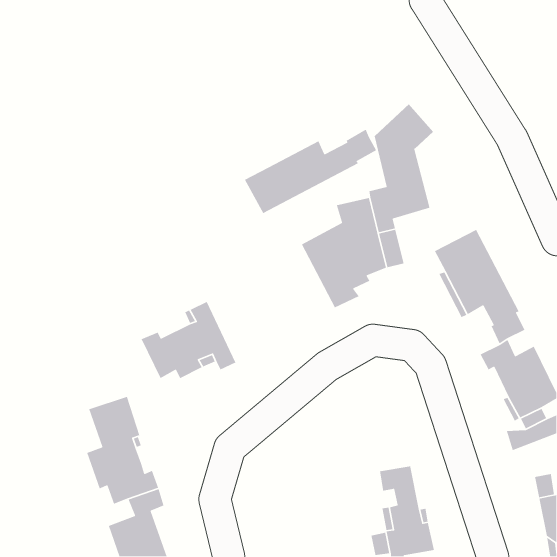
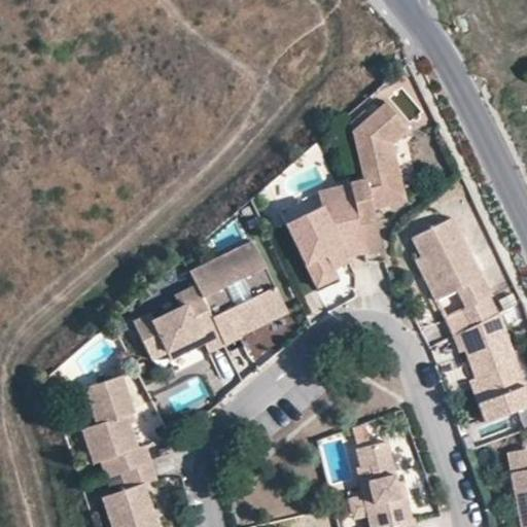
building: [244,129,377,214] -> none
building: none -> [189,240,288,343]

